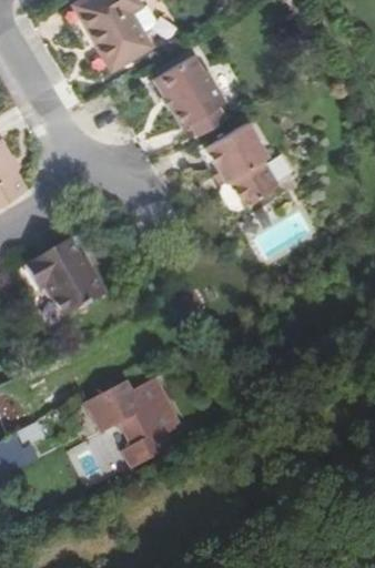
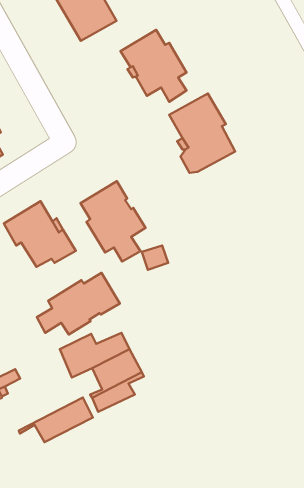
building: none -> [81,181,145,262]
building: none -> [37,273,120,335]
building: none -> [19,398,93,442]

